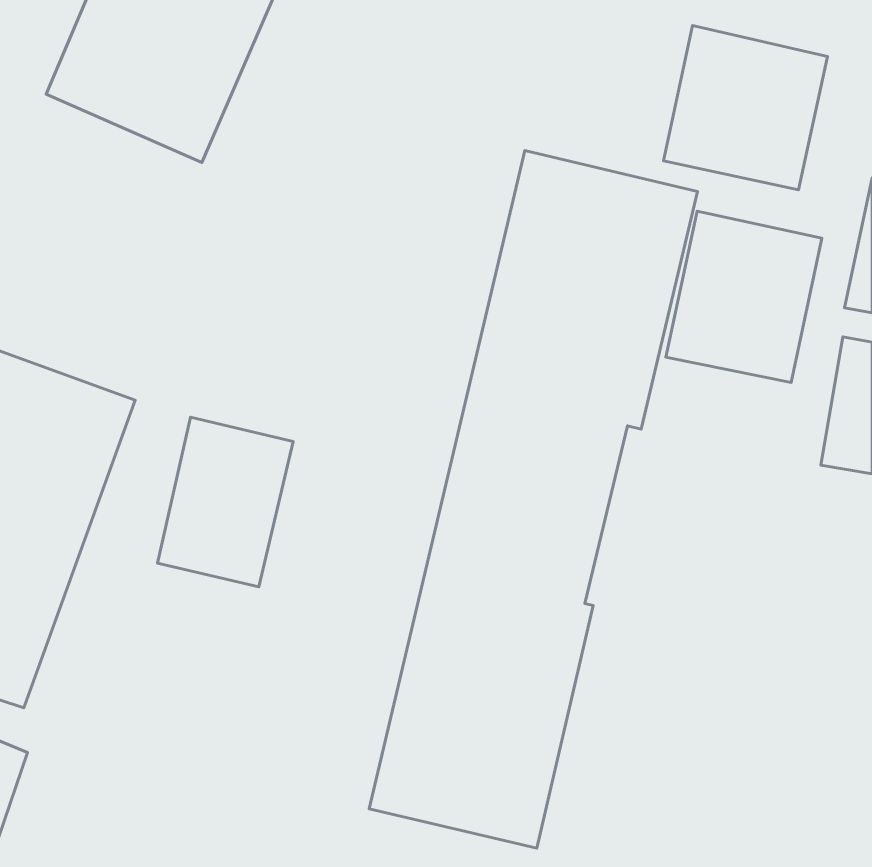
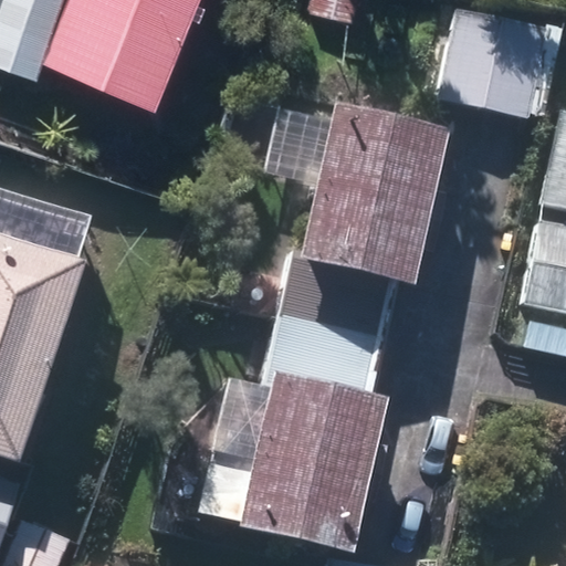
building: [666,211,822,382] -> none
building: [157,417,293,587] -> none

